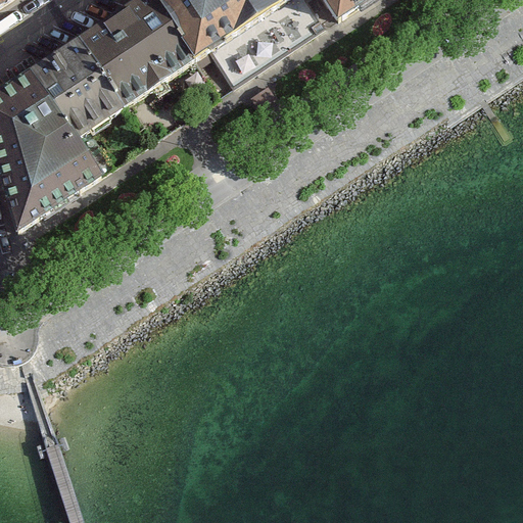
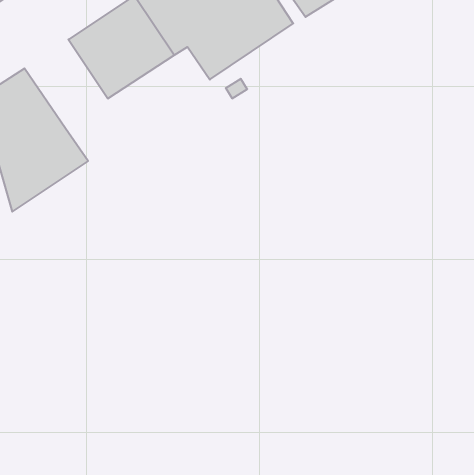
building: [27,43,117,176] -> none

